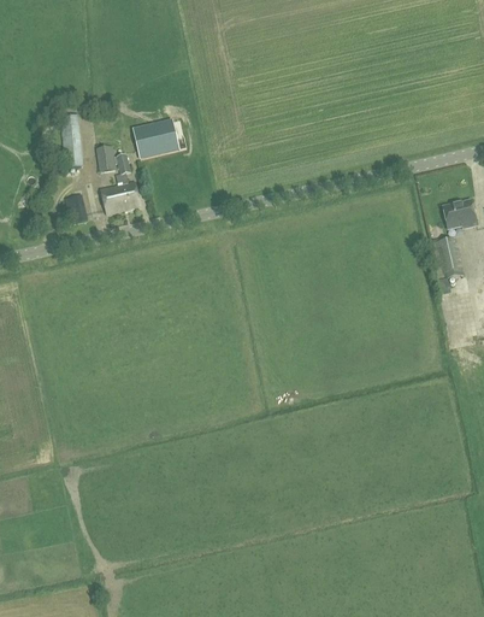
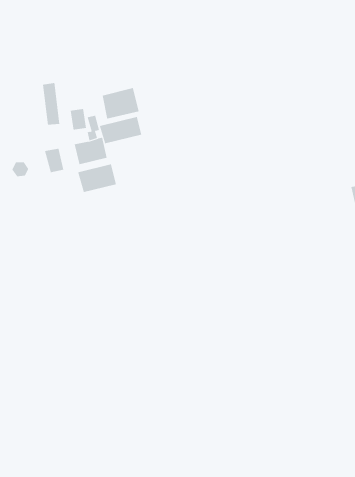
building: none -> [99,116,142,144]
building: none -> [78,164,116,193]

